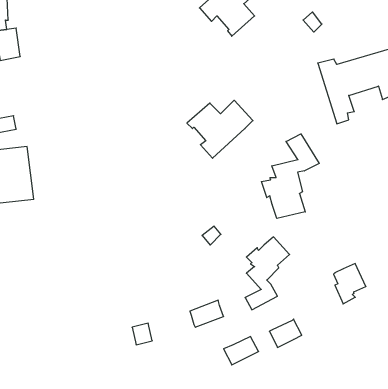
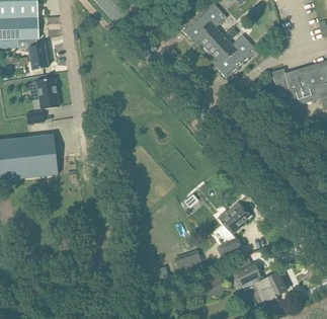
building: none -> [36,77,59,108]
building: [187,100,253,158] -> [207,33,256,77]
building: [261,134,319,218] -> none
building: [334,264,366,304] -> [261,273,285,304]

